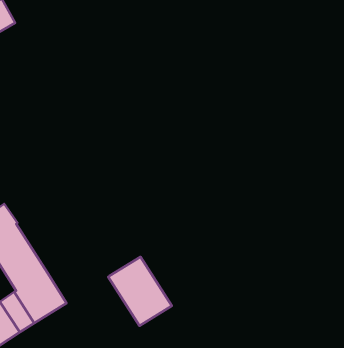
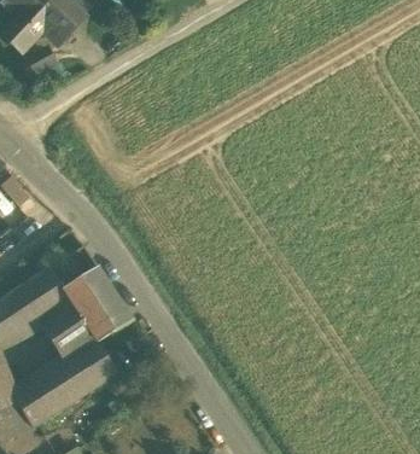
building: [108,257,172,326] -> [63,266,132,340]

